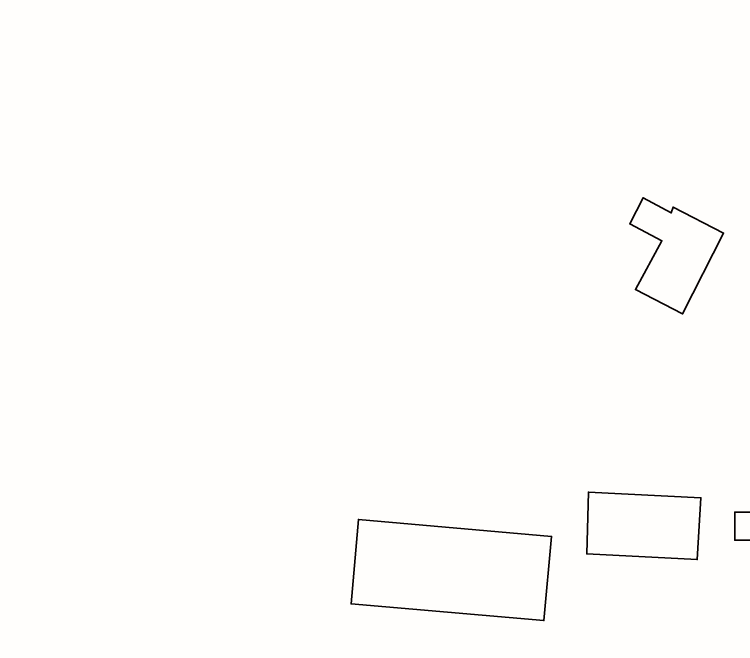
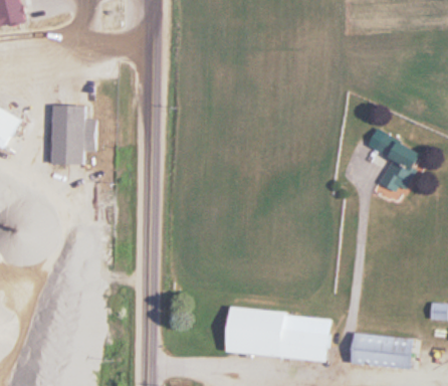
building: none -> [53,105,85,164]
building: [587,492,701,559] -> [351,333,412,369]

